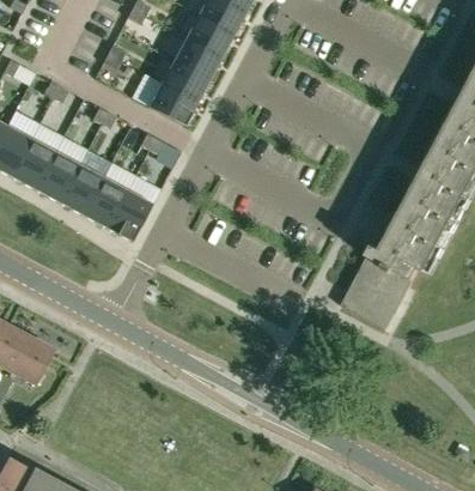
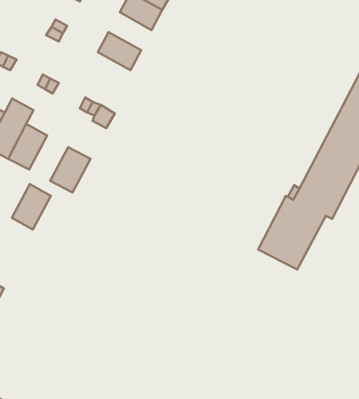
building: [172,36,221,79] -> none
building: [130,73,197,126] -> none
building: [83,176,127,228] -> [12,184,51,230]

